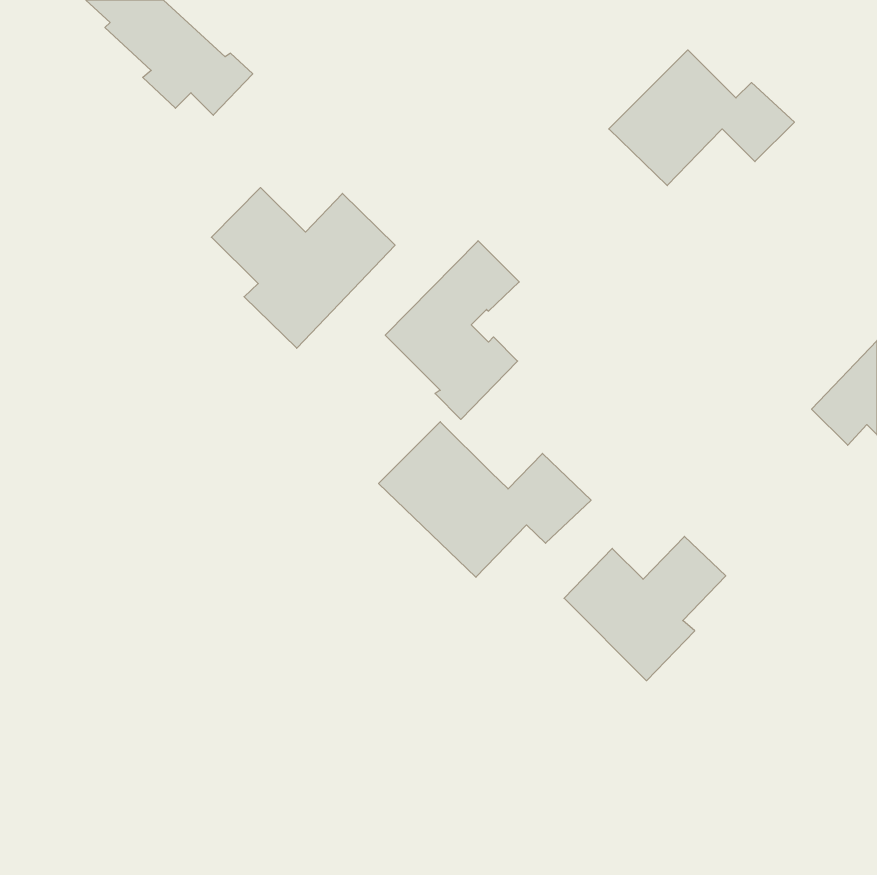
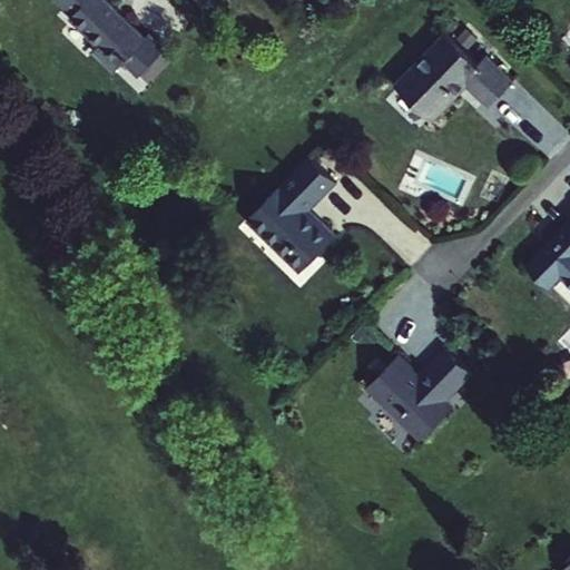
building: [211,188,395,348] -> none
building: [379,422,591,577] -> none

